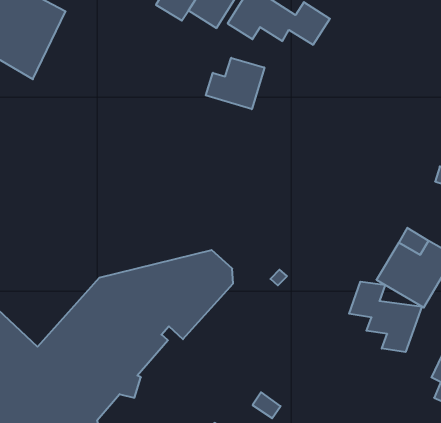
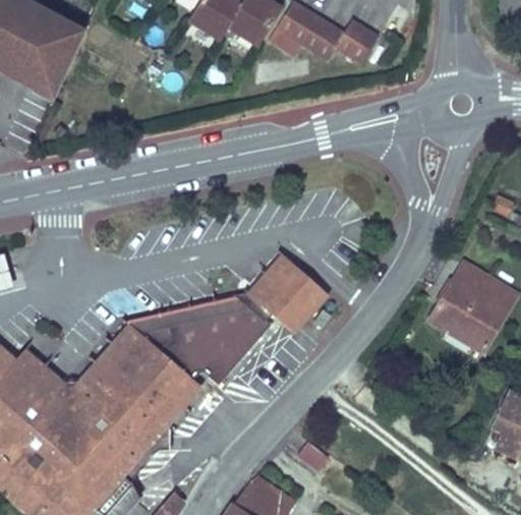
building: [206,58,264,109] -> none
building: none -> [249,253,325,328]
building: [349,282,422,352] -> none

